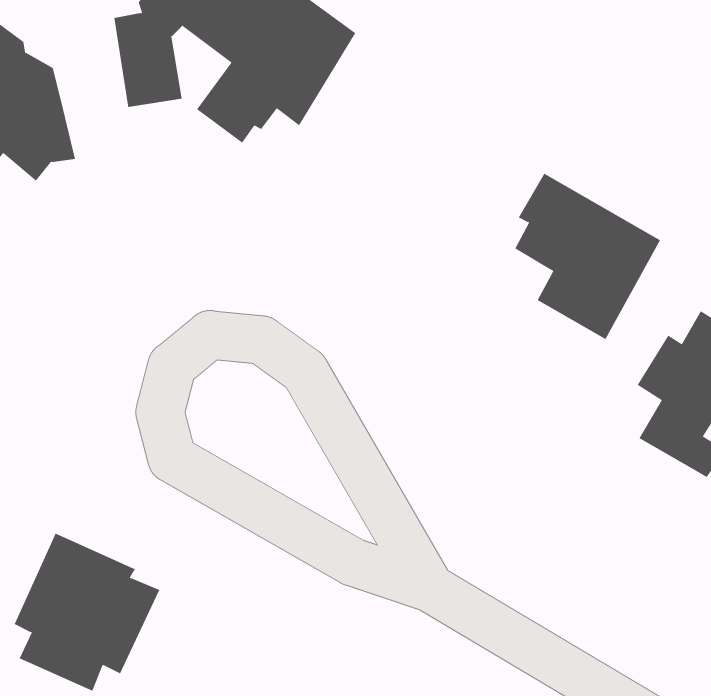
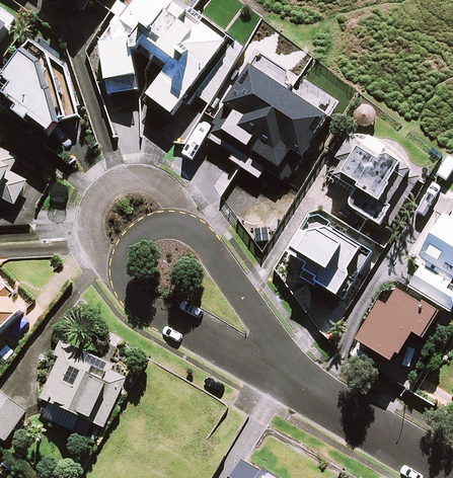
building: none -> [206,63,324,177]
building: none -> [293,223,360,294]
building: none -> [357,280,440,385]

